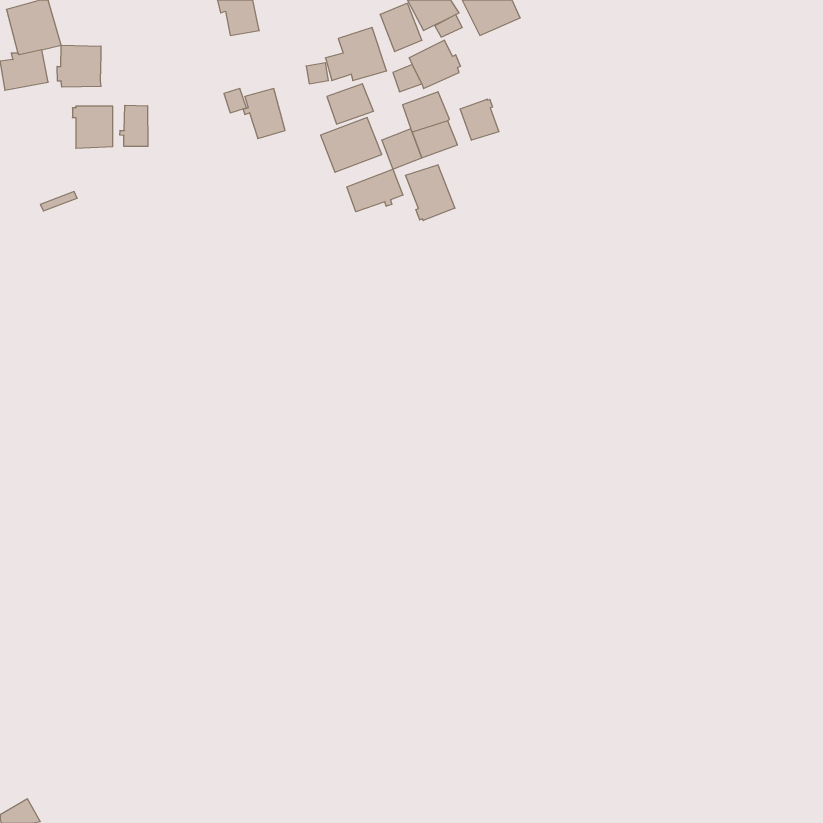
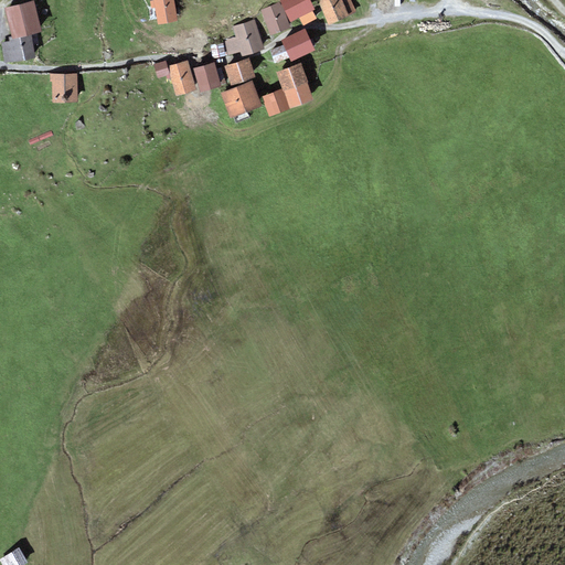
building: [57,45,101,87] -> none
building: none -> [192,61,226,92]
building: [460,99,499,140] -> none
building: [120,105,148,146] -> none
building: [406,165,455,221] -> none
building: [347,169,403,212] -> none

